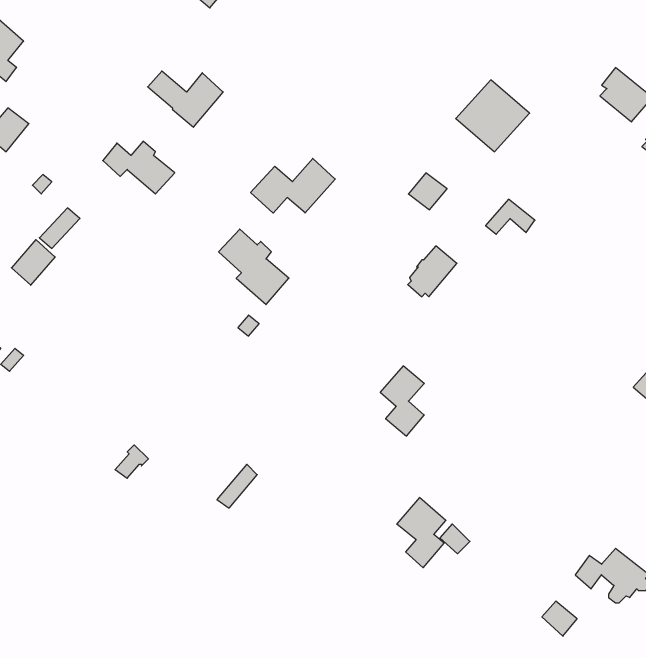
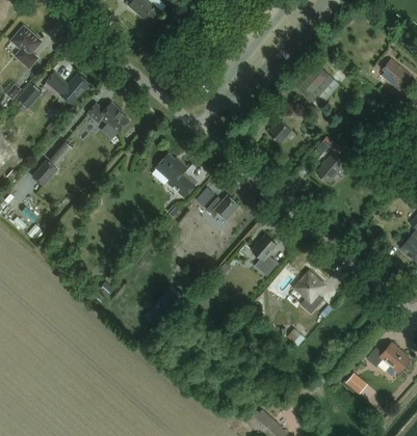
building: [148,71,223,127] -> [45,72,89,105]
building: [251,158,335,213] -> none
building: [408,246,457,297] -> [316,152,345,182]
building: none -> [205,195,237,220]
building: [397,498,446,568] -> [294,272,323,314]

